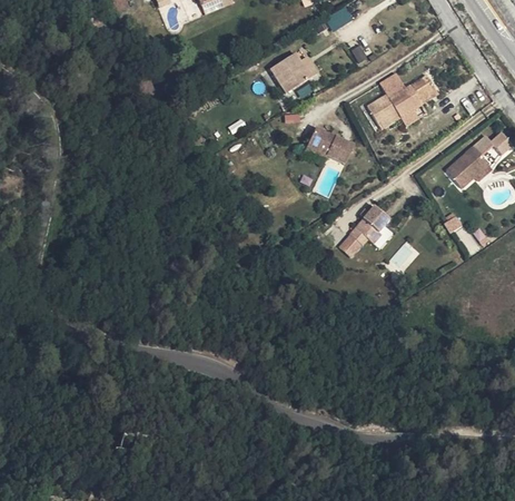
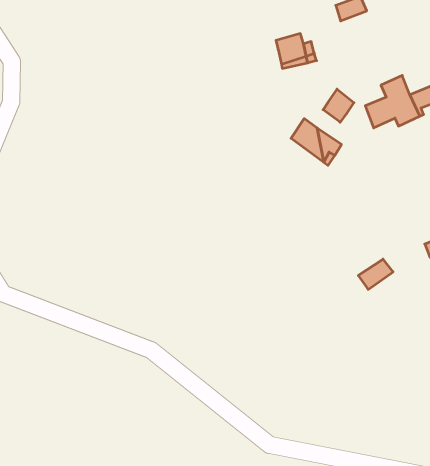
building: none -> [323,89,354,122]
building: [347,206,388,245] -> none

